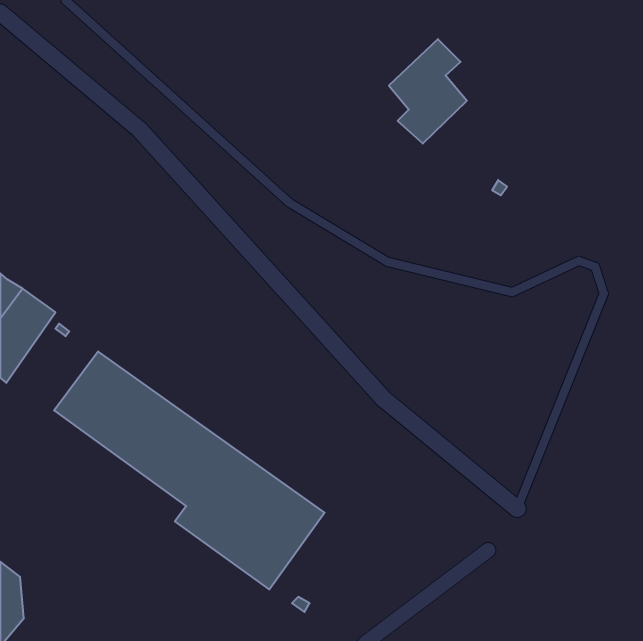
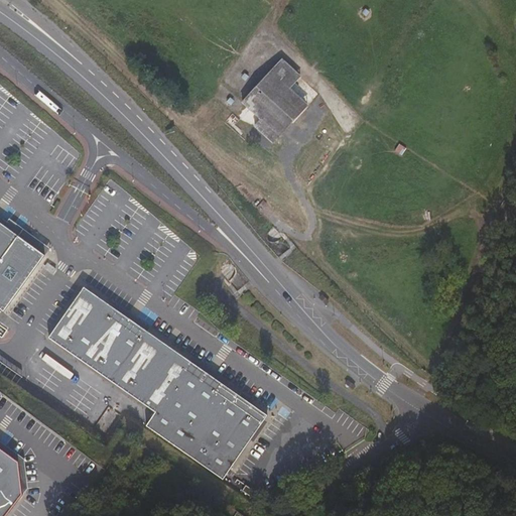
building: [389,39,467,144] -> [243,58,305,142]

